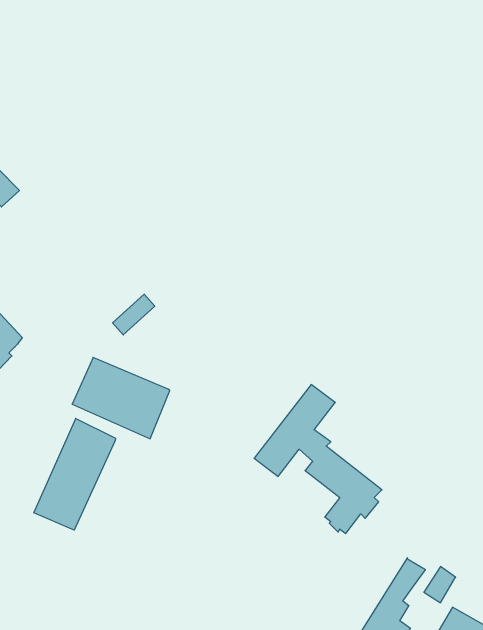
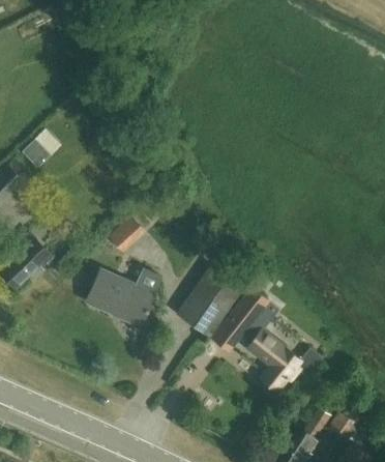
building: none -> [177,264,242,335]
building: [34,418,116,530] -> none

